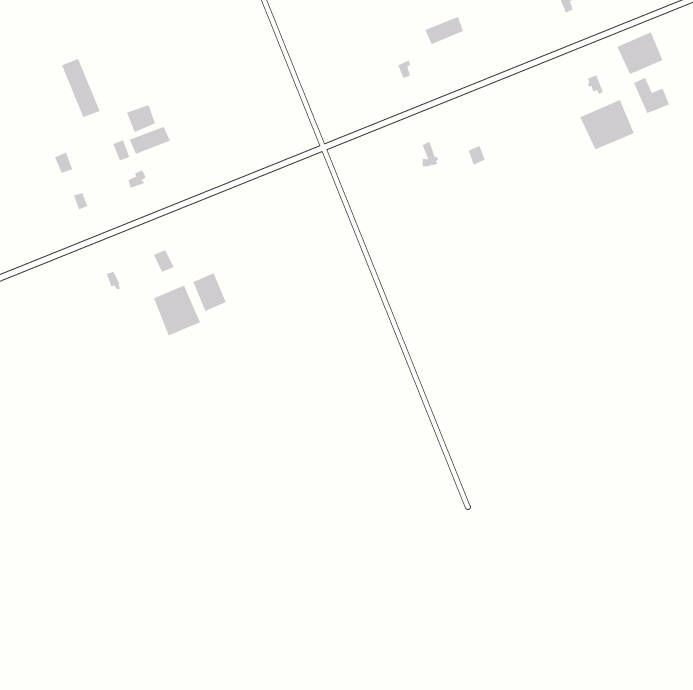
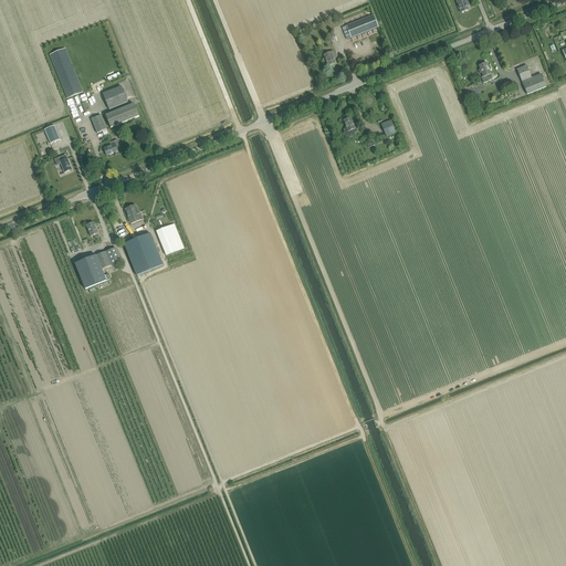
building: [616,31,663,75] -> none
building: [580,99,635,150] -> none
building: none -> [75,247,122,287]

